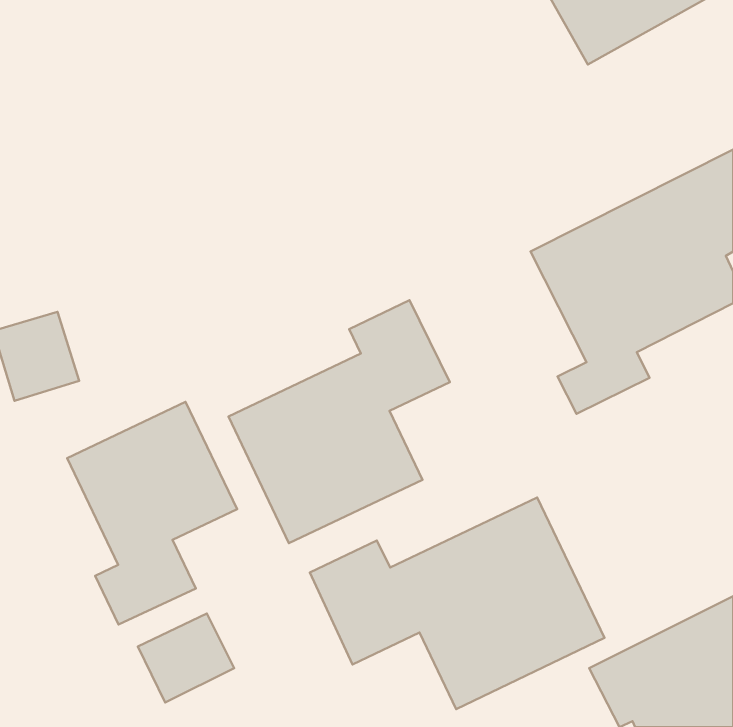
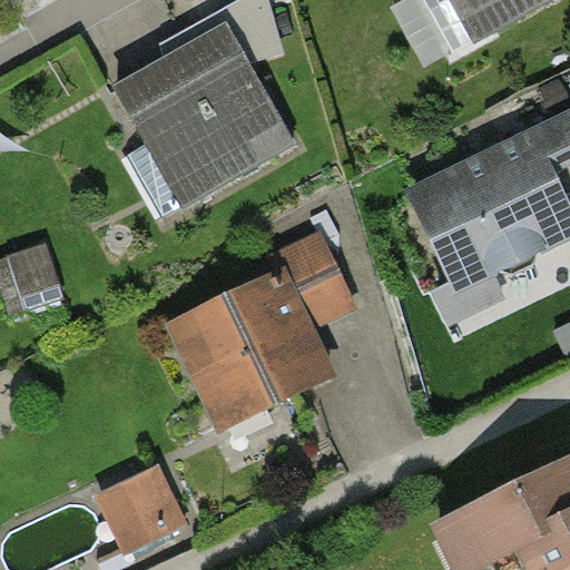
building: none -> [117,26,292,216]
building: [67,402,237,624] -> none
building: [310,497,604,709] -> none

